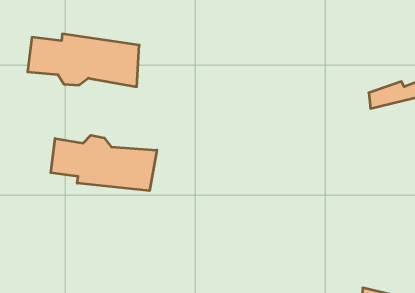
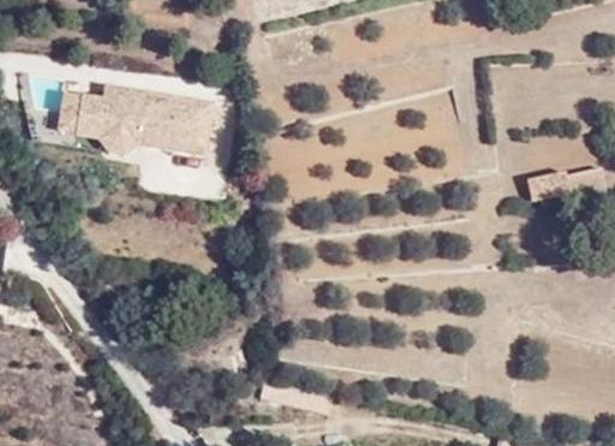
building: [51,135,157,191] -> none

